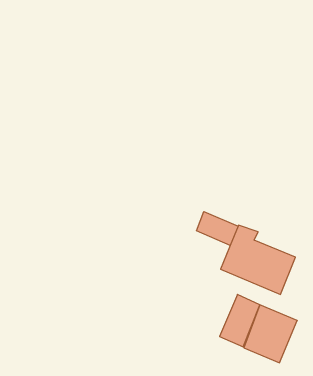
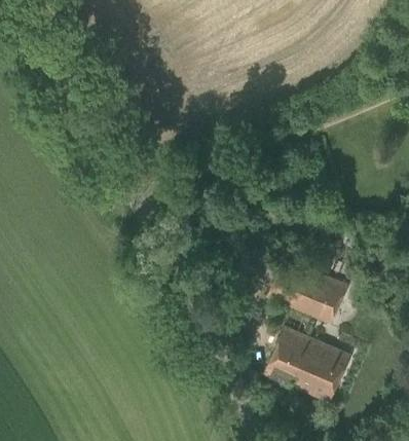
building: [197,212,238,246] -> none

